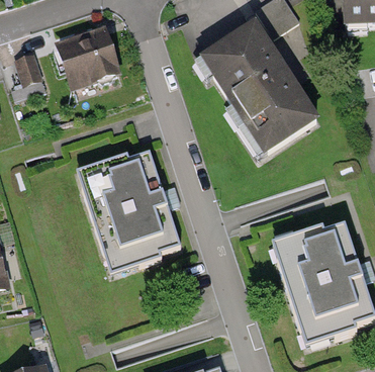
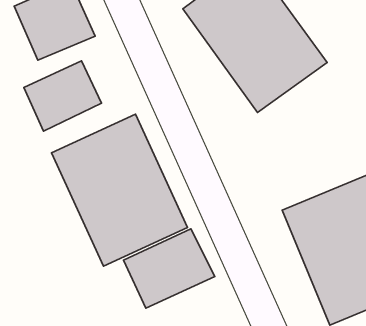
building: none -> [24,61,101,131]
building: none -> [123,229,215,308]

